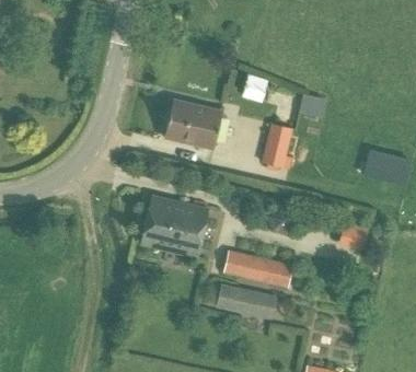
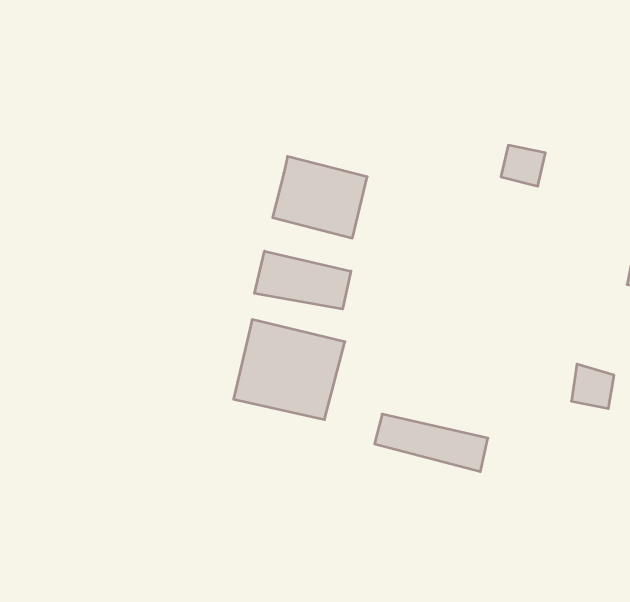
building: [263,123,292,170] -> none
building: none -> [254,251,351,309]
building: [216,286,275,317] -> none

